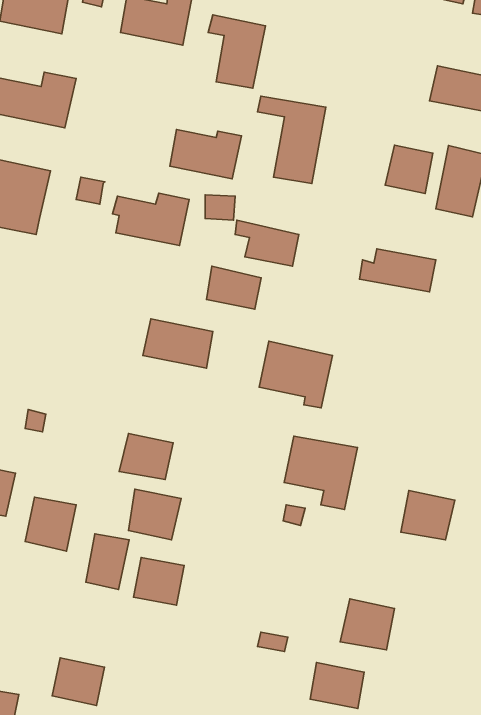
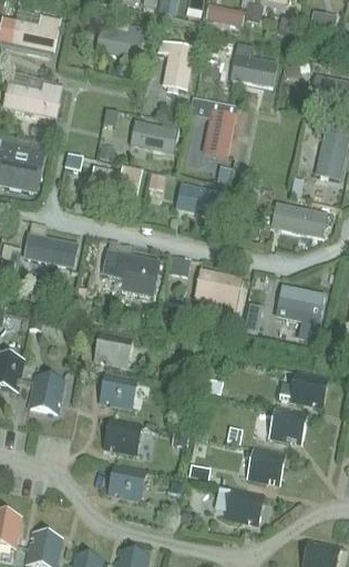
building: none -> [228,43,277,87]
building: [385,145,433,194] -> none
building: [207,266,261,309] -> none
building: none -> [23,234,76,268]
building: [284,436,357,510] -> [274,285,325,336]
building: [86,534,129,589] -> none
building: none -> [269,406,306,442]
building: [52,658,105,705] -> [107,465,144,498]

